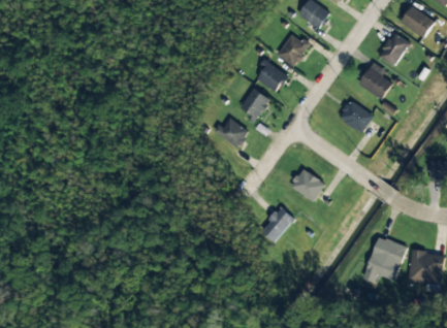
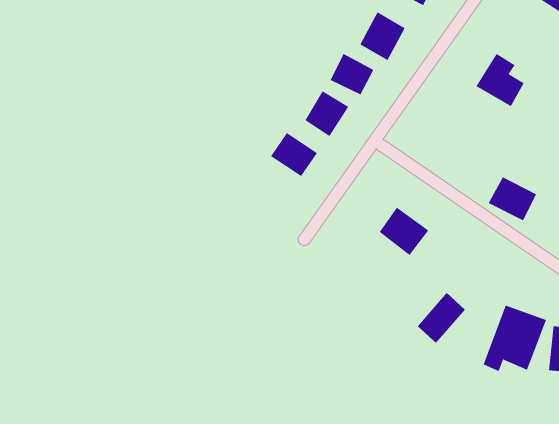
building: [377,32,409,66] -> none
building: [339,101,373,132] -> [488,176,537,221]
building: [258,206,292,242] -> [417,292,466,344]

